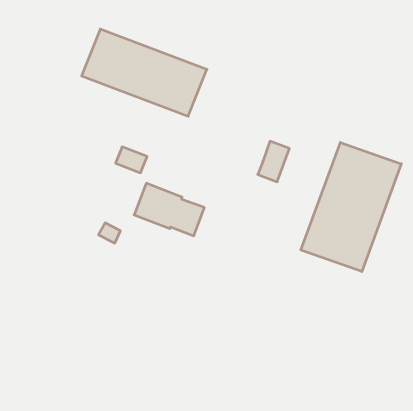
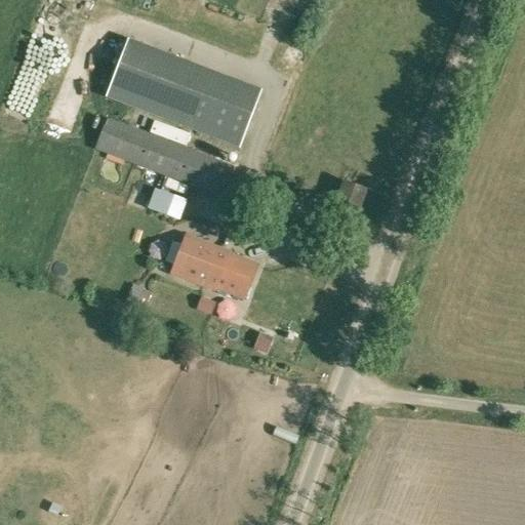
building: none -> [94,116,235,197]
building: [301,142,401,272] -> none

